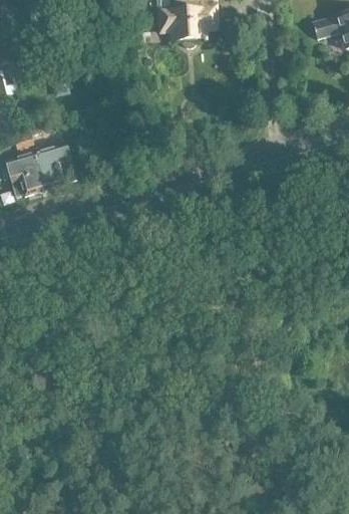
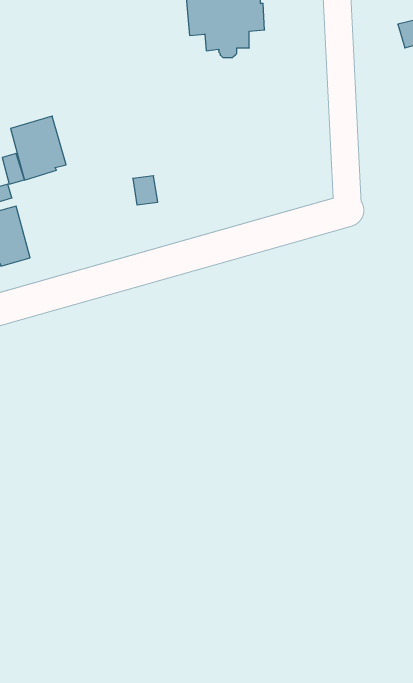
building: [36,144,76,190] -> [11,116,66,180]

